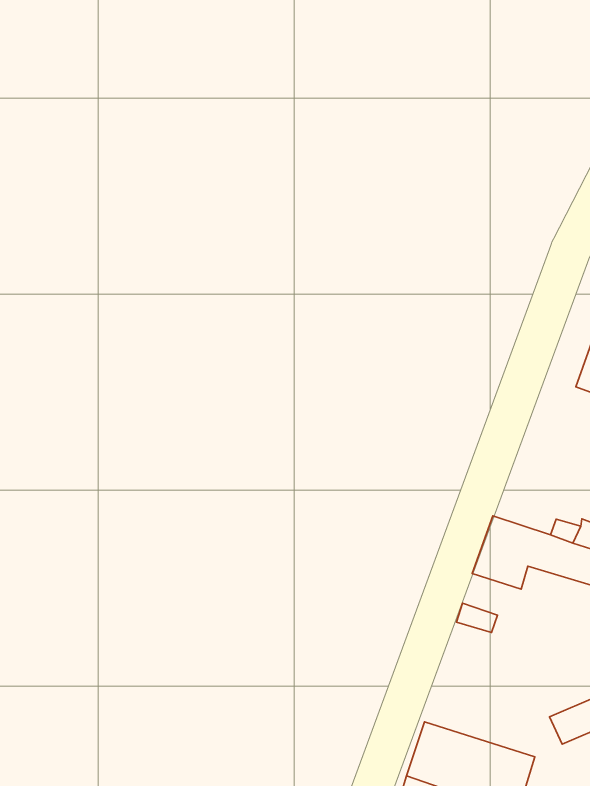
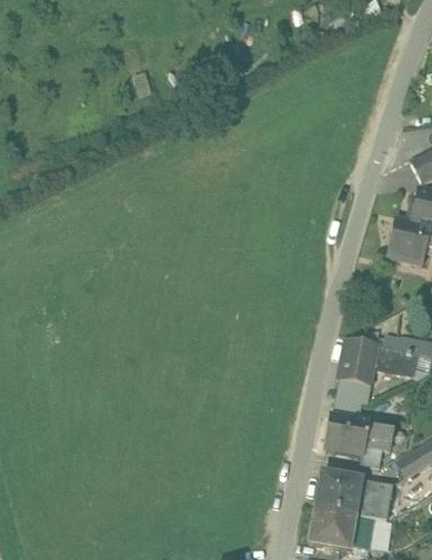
building: none -> [326,411,394,467]

